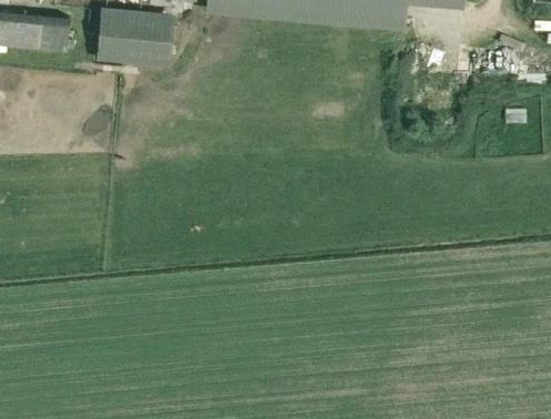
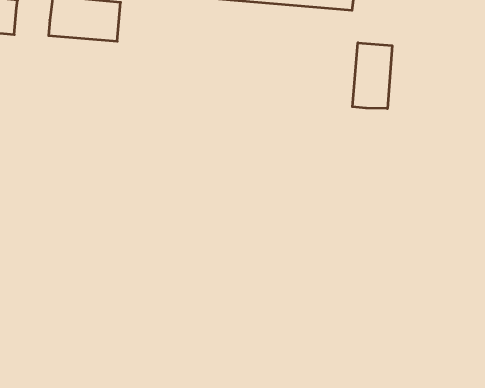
building: none -> [352,43,392,109]

